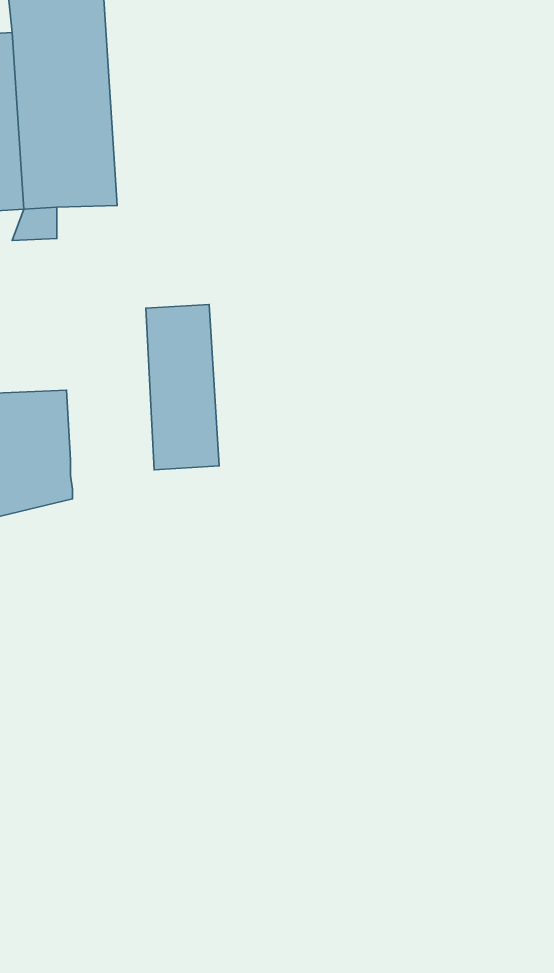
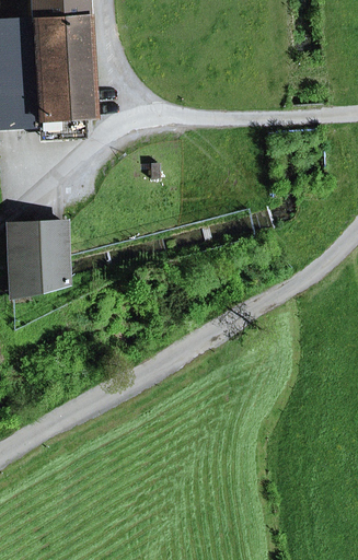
building: [146,305,219,470] -> none

